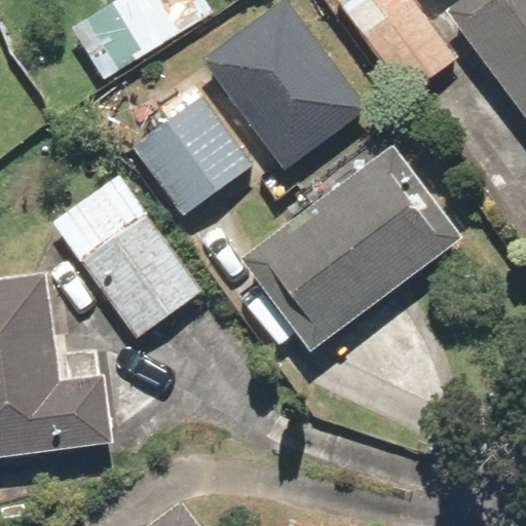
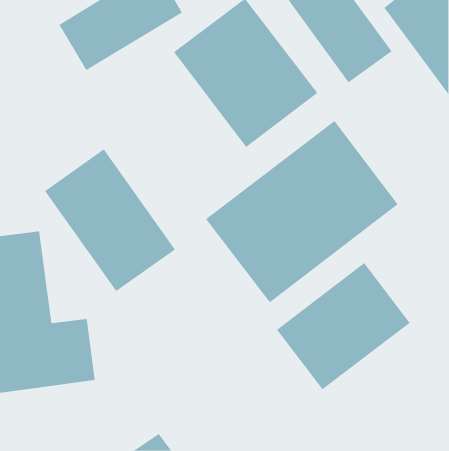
building: [130,93,257,221] -> none
building: none -> [276,262,411,390]

